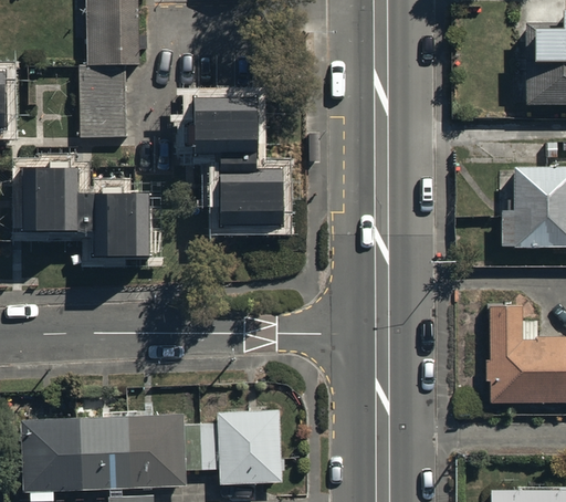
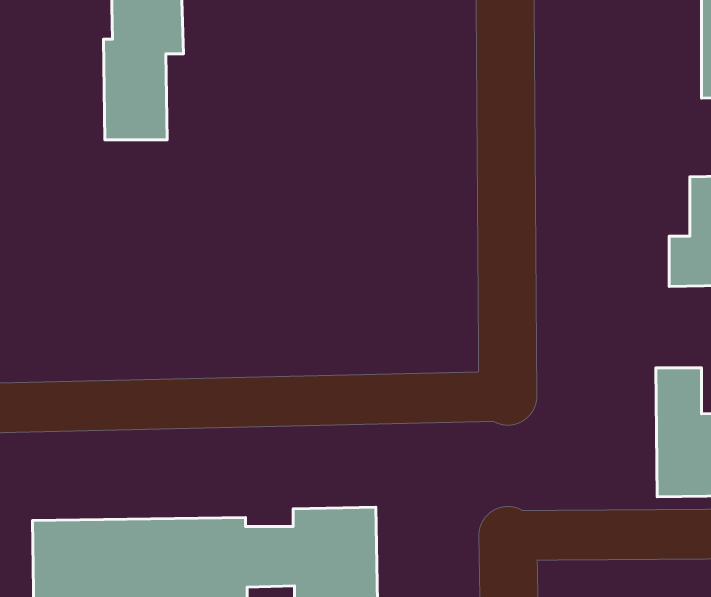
building: [190,102,282,221] -> none
building: [24,167,146,258] -> none

